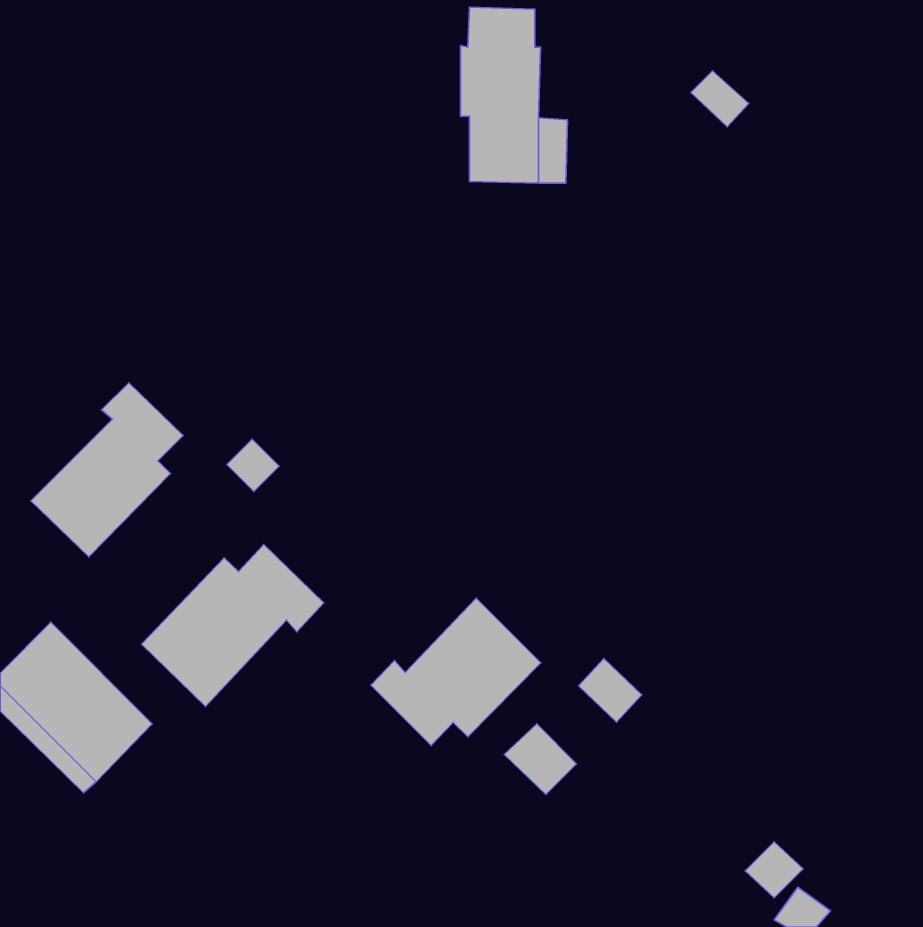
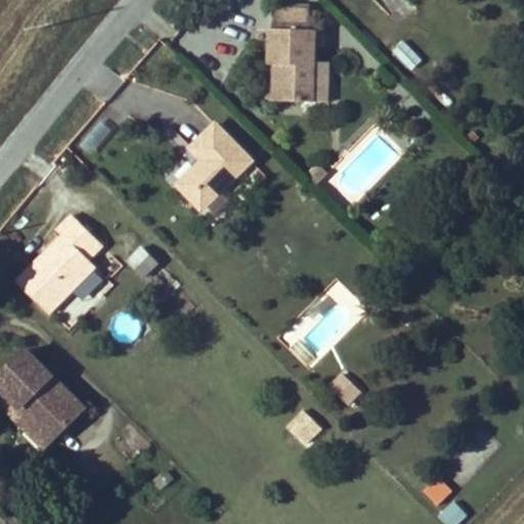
building: none -> [175,122,248,208]
building: [141,545,324,706] -> none
building: [371,598,541,746] -> none

